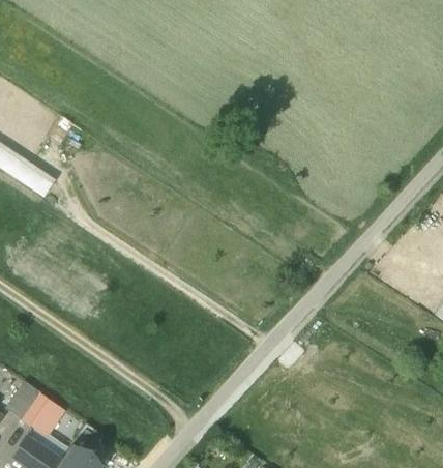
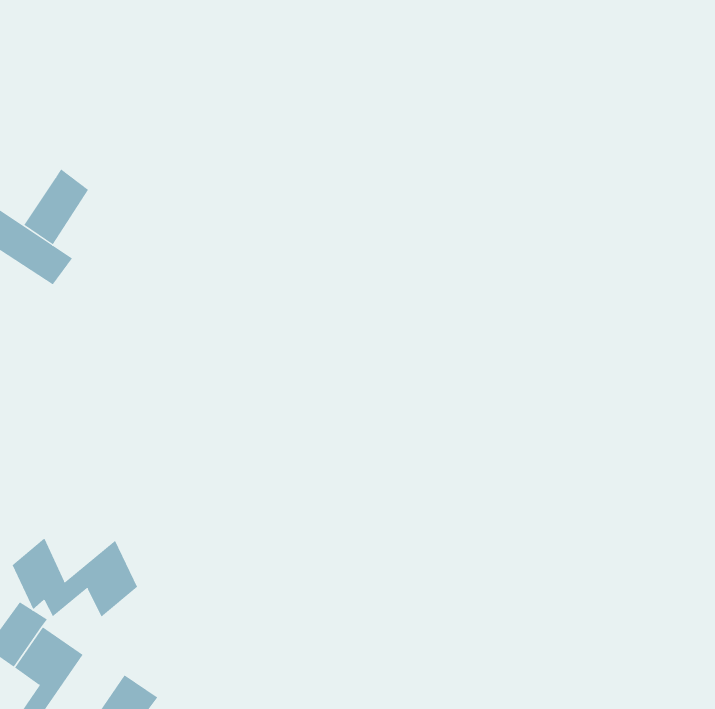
building: none -> [23,169,89,245]
building: none -> [12,538,138,618]

